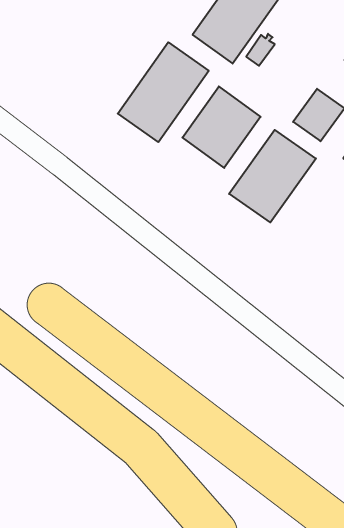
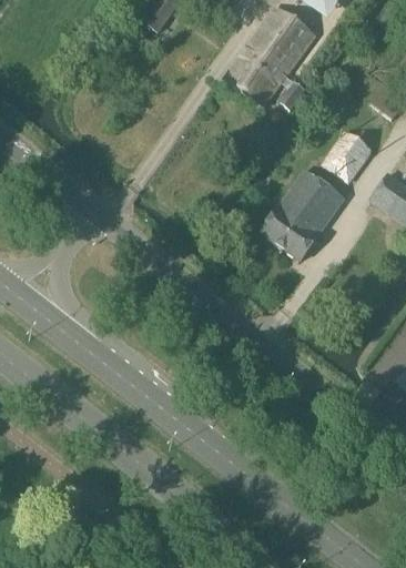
building: [118,42,209,142] -> none
building: [182,86,261,168] -> none

